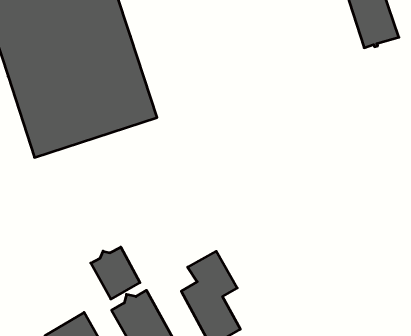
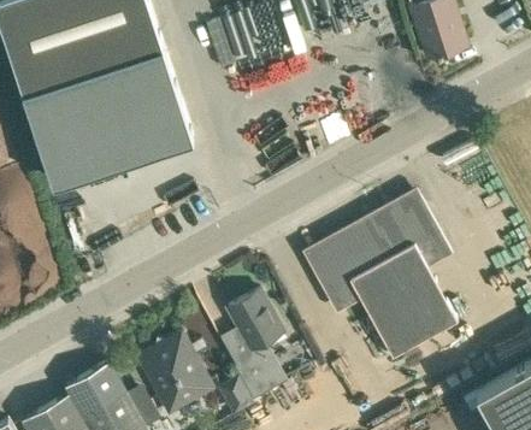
building: none -> [307,194,456,357]
building: [91,247,140,299] -> none

